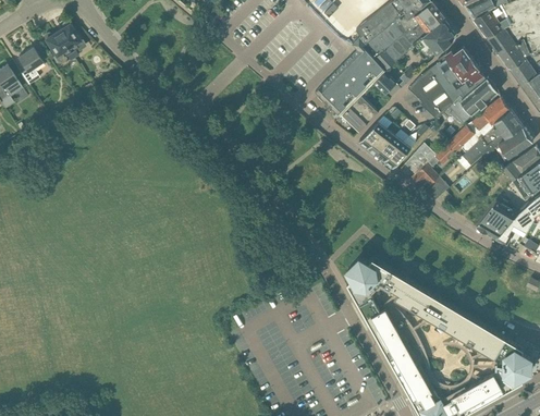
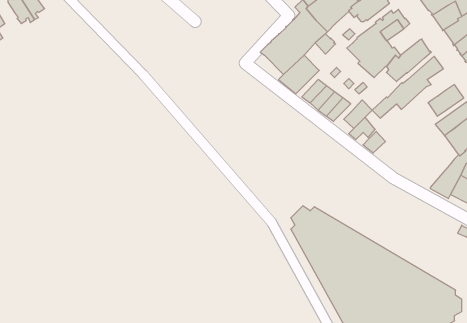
building: [450,62,486,96] -> none
building: [457,110,523,171] -> none
building: [476,201,517,237] -> none

